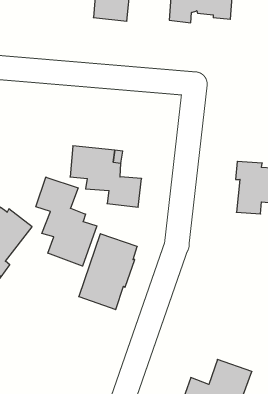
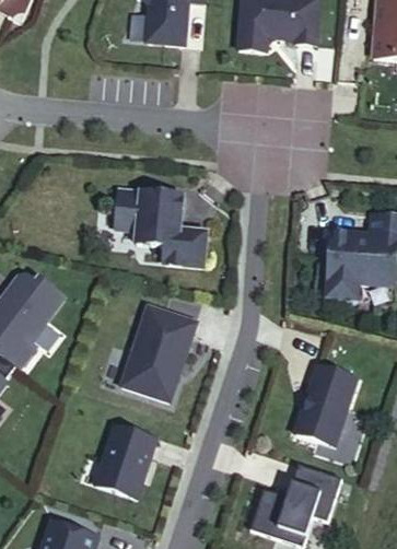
building: [36,177,97,266] -> none
building: none -> [295,367,358,447]
building: none -> [98,422,159,488]

